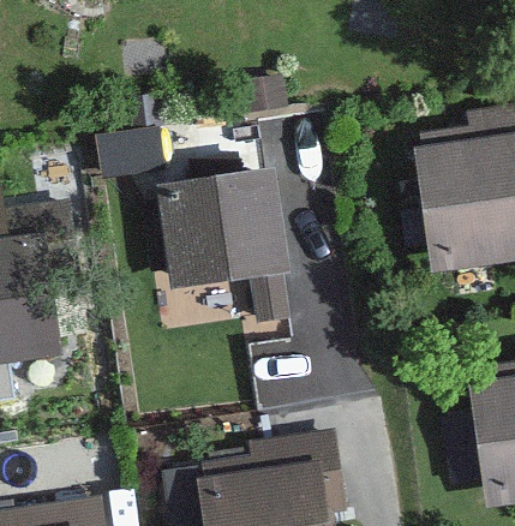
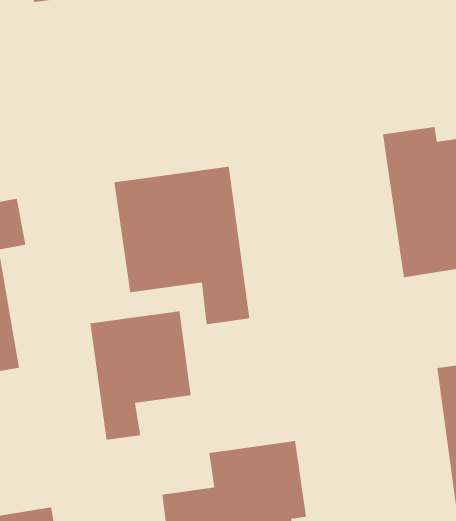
building: none -> [90,310,191,440]

